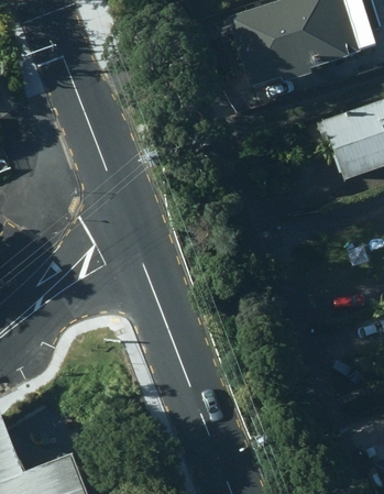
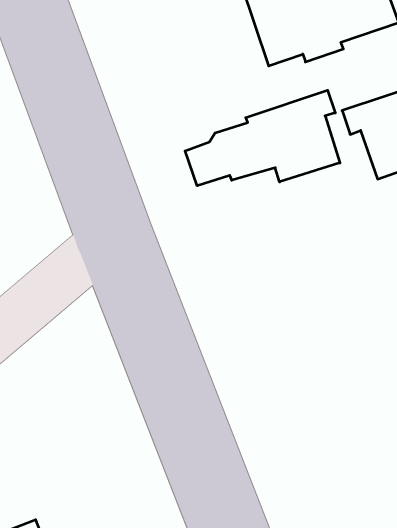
building: none -> [185,90,340,186]

